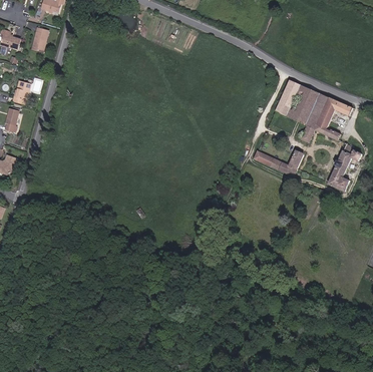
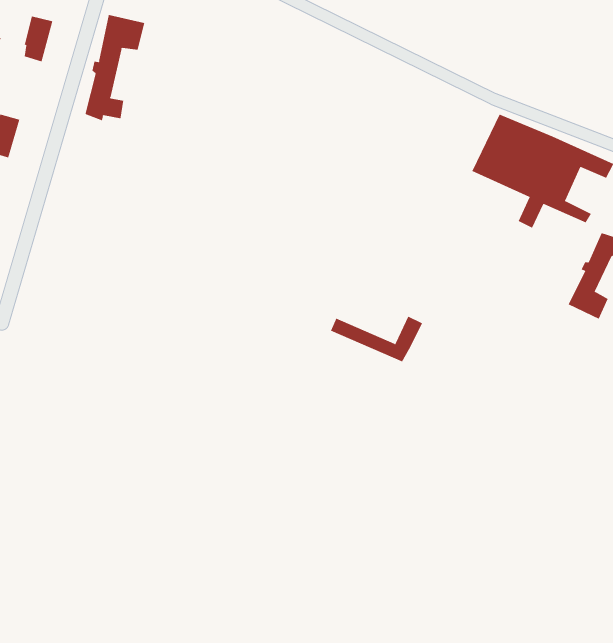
building: none -> [85,14,145,121]
building: [253,150,303,175] -> [330,316,423,362]

